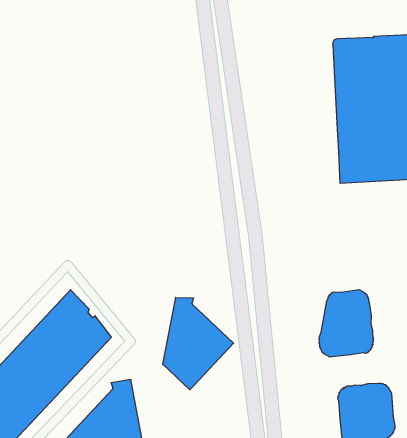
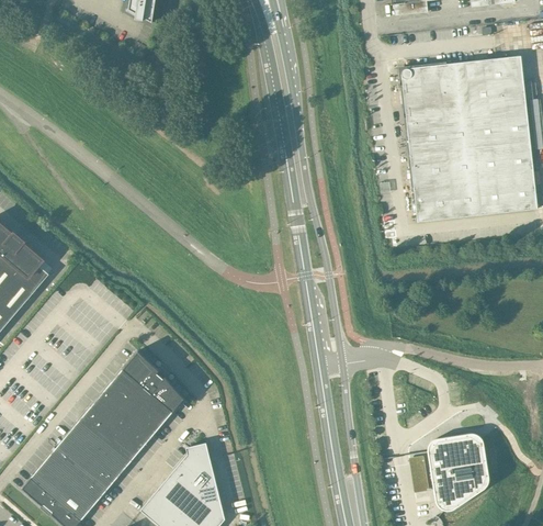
building: [319,290,373,357] -> none
building: [163,297,234,390] -> none

